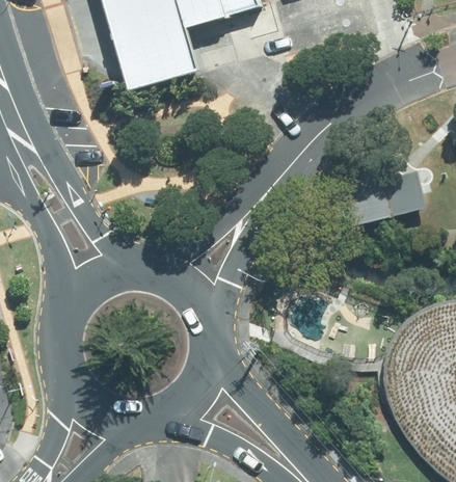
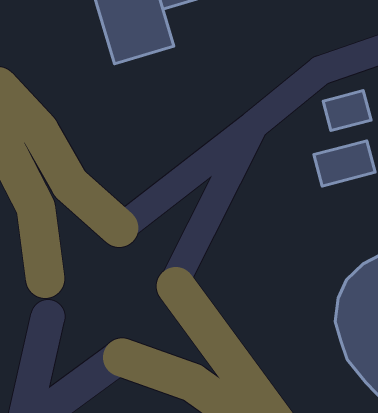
building: none -> [323,90,371,131]

